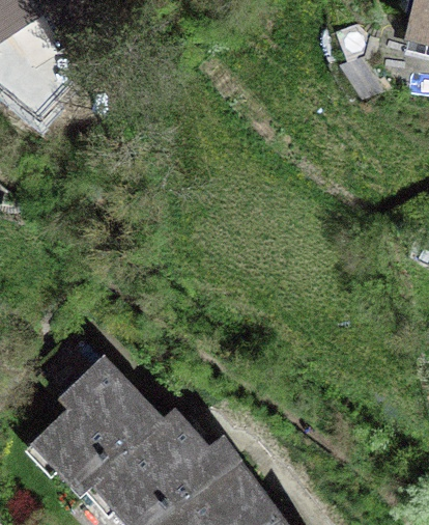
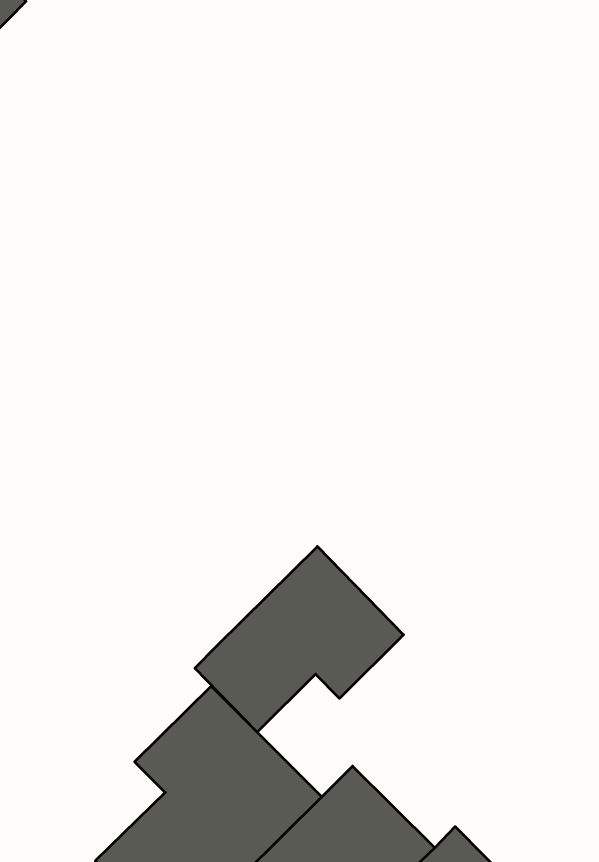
building: none -> [195,546,404,732]

